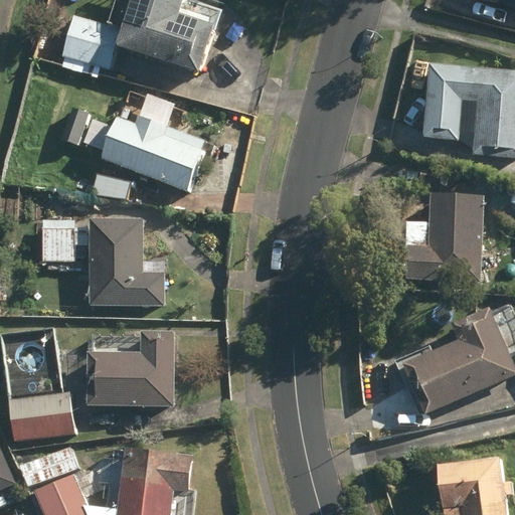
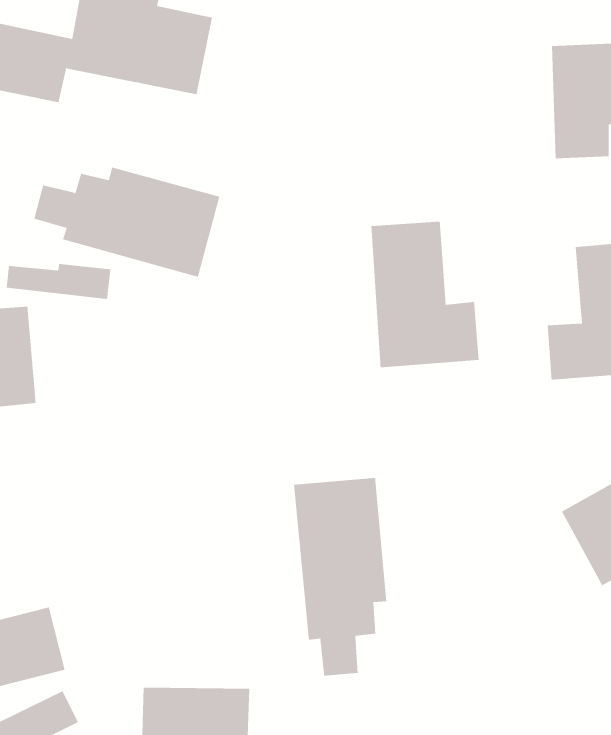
building: none -> [371,221,479,368]
building: [88,219,164,305] -> none
building: none -> [293,477,387,676]
building: [84,330,175,406] -> none

